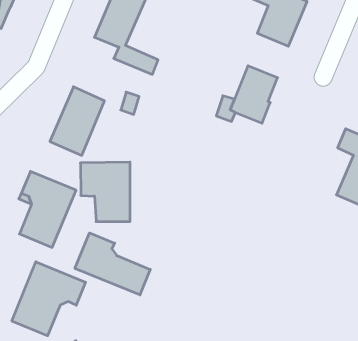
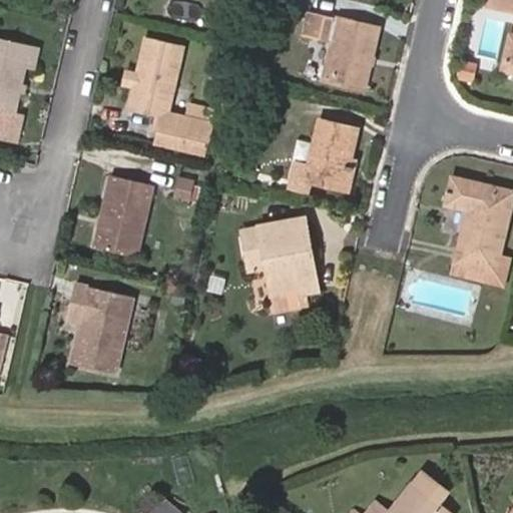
building: [80,162,130,222] -> [243,216,317,297]
building: [75,233,150,295] -> none
building: [12,262,86,336] -> none

